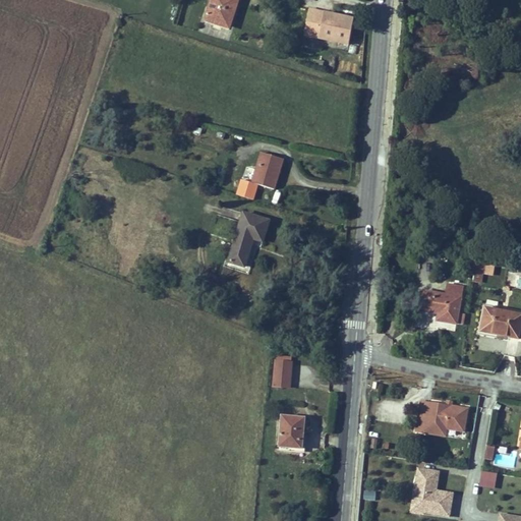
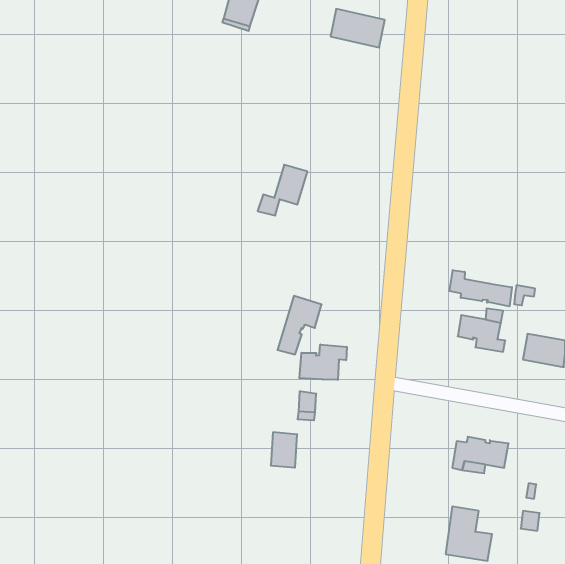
building: [228,212,269,266] -> [277,296,322,354]
building: none -> [449,270,512,306]
building: none -> [299,344,347,380]
building: [280,415,304,448] -> [271,432,297,468]

